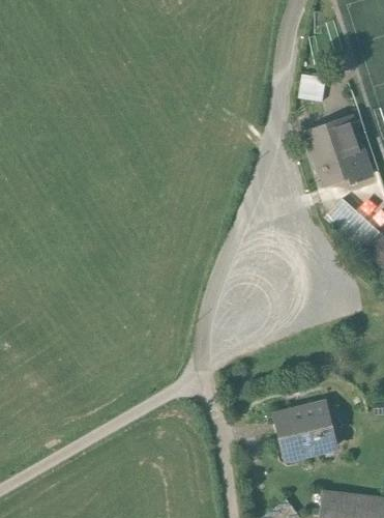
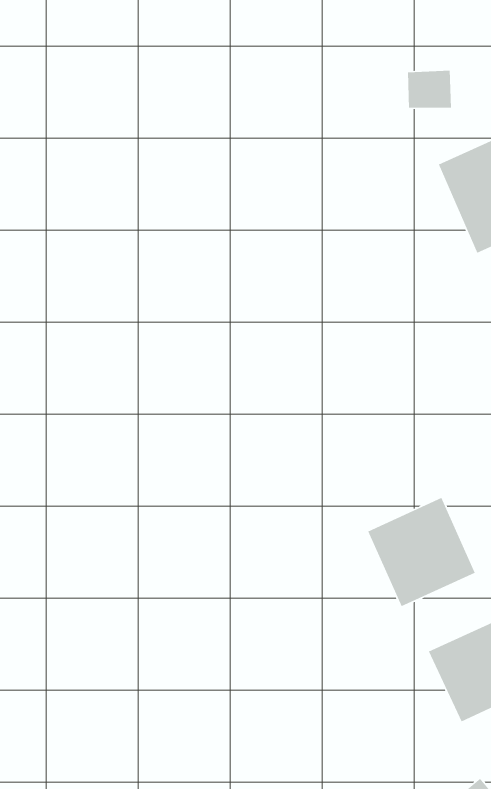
building: none -> [367,497,476,607]

